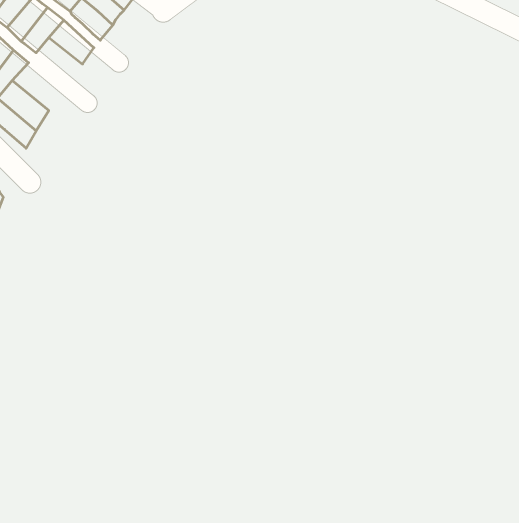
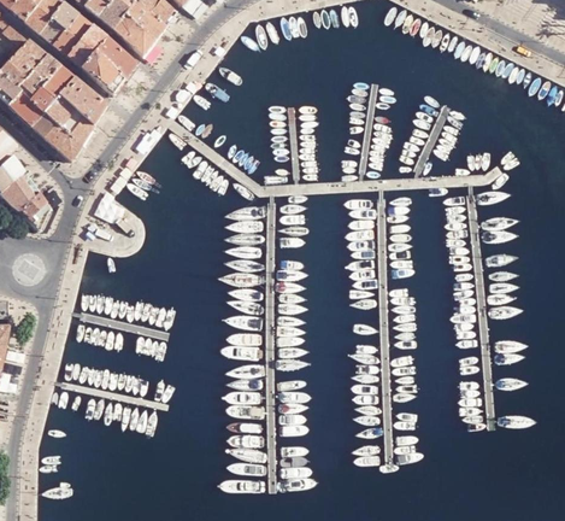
building: none -> [81,53,125,94]
building: none -> [58,77,106,123]

